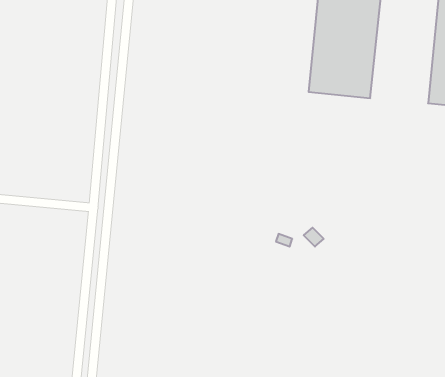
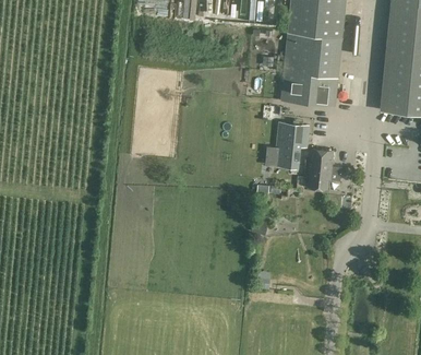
building: none -> [273,123,301,169]
building: none -> [306,150,332,191]

